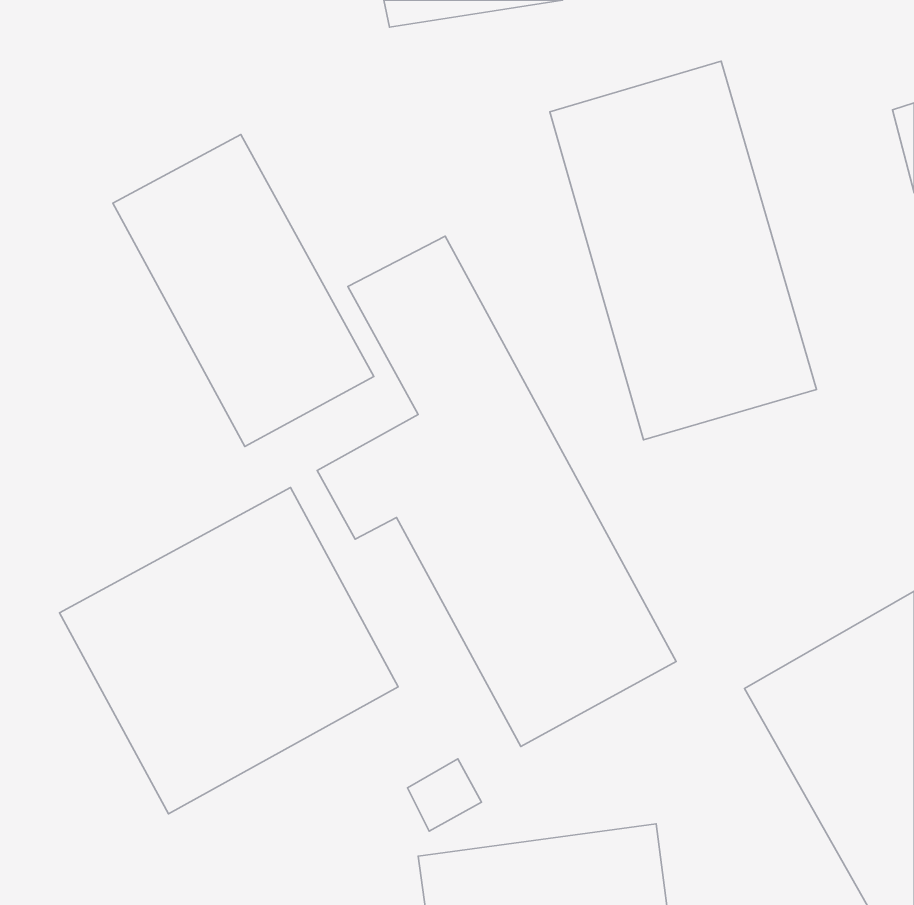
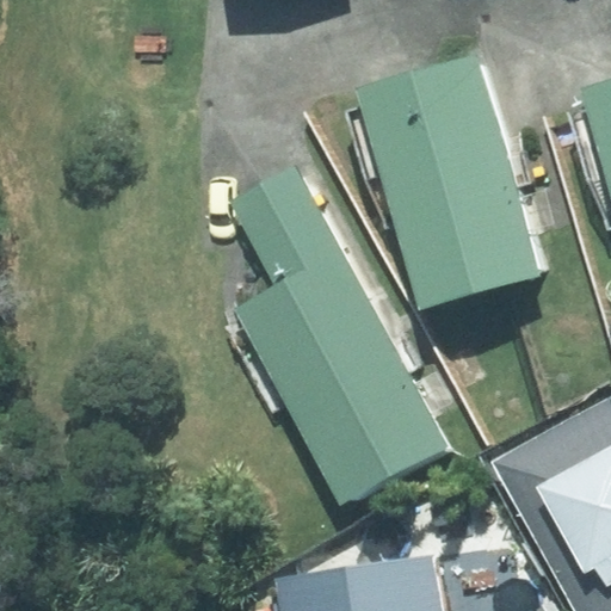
building: [113,134,374,446] -> none
building: [59,487,398,814] -> none

